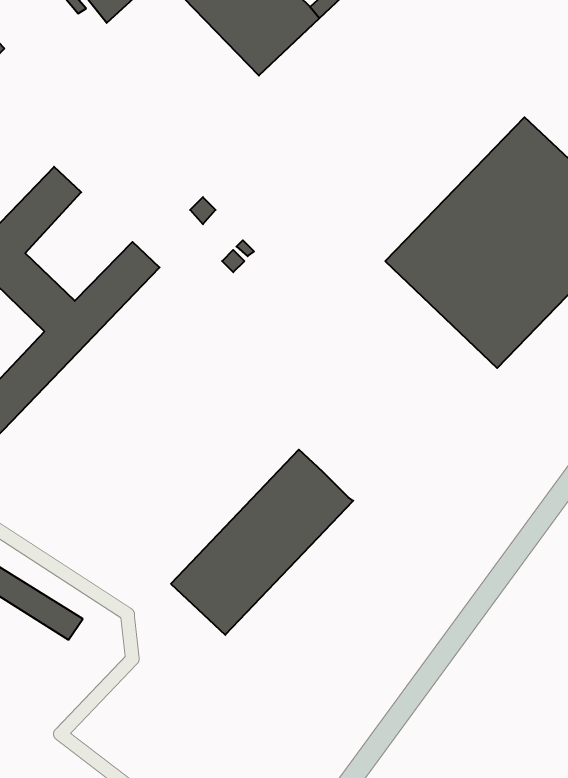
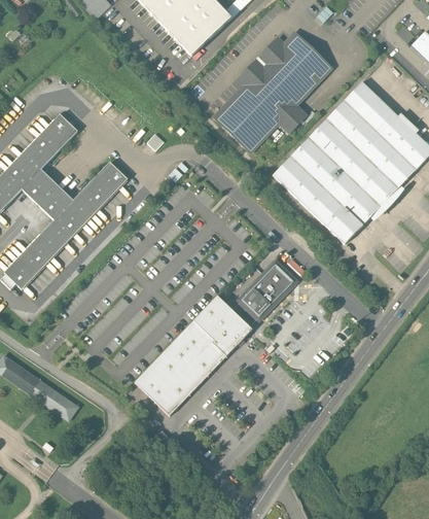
building: none -> [214,32,331,151]
building: none -> [233,258,295,326]

